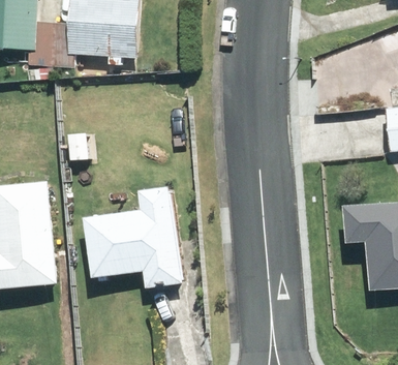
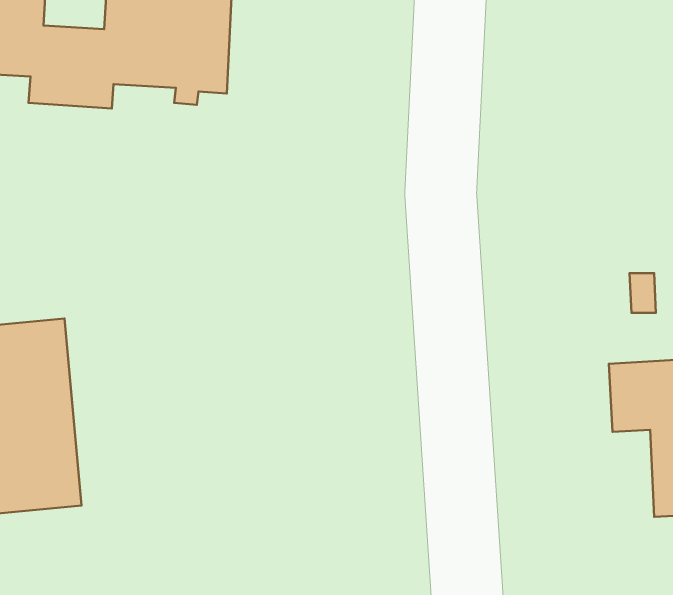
building: [82,187,181,286] -> none

